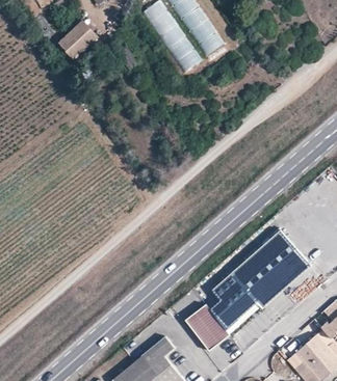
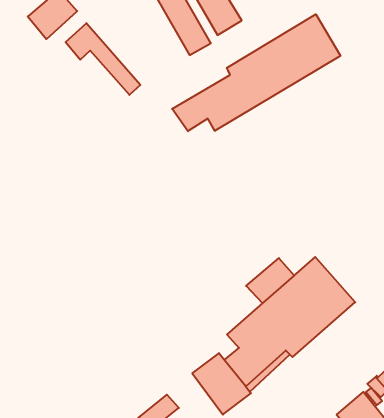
building: none -> [172,14,340,131]
building: none -> [66,23,140,95]
building: none -> [246,258,294,303]

